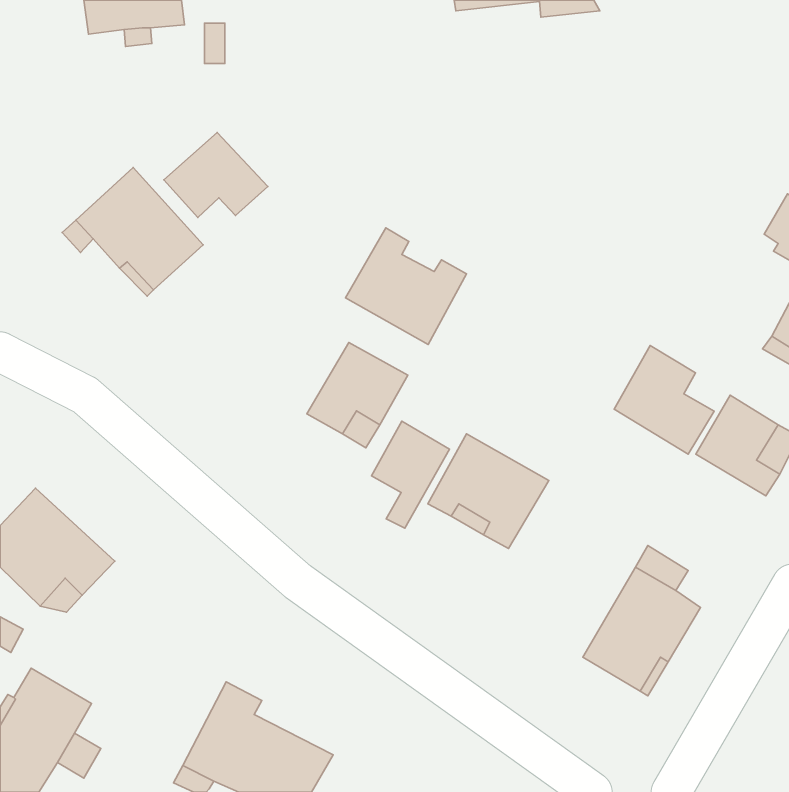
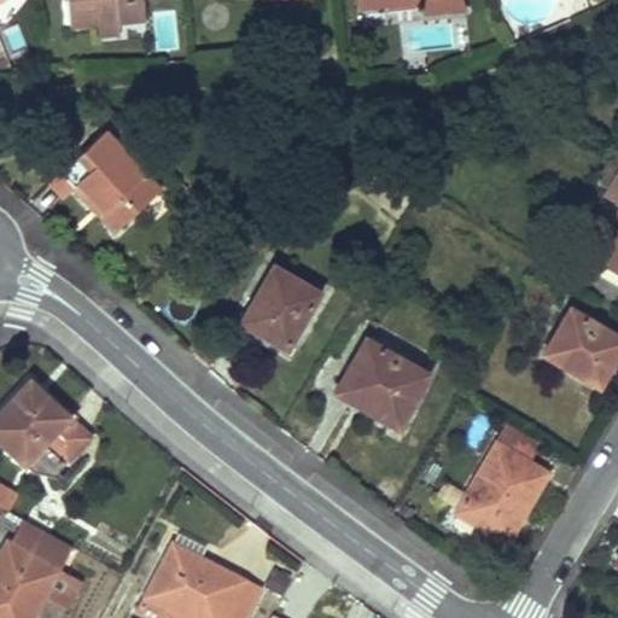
building: [164,132,268,218] -> none
building: [346,228,466,345] -> none
building: [614,346,714,454] -> none
building: [371,421,449,528] -> none

